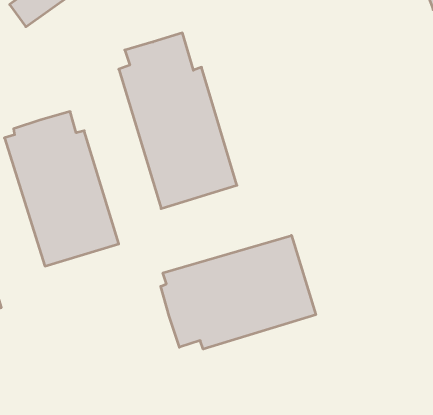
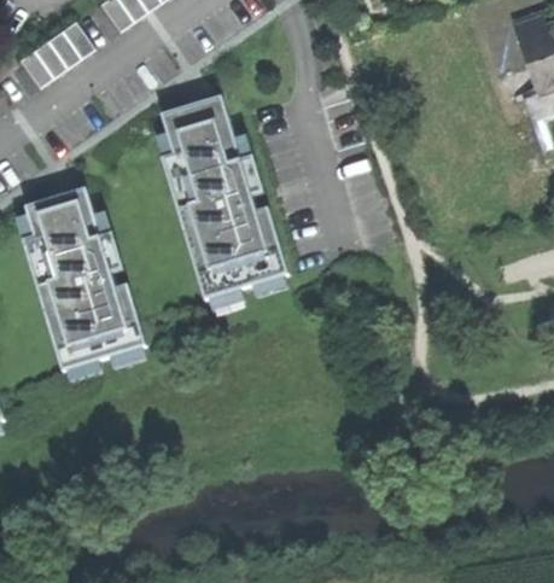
building: [161,235,316,349] -> none

